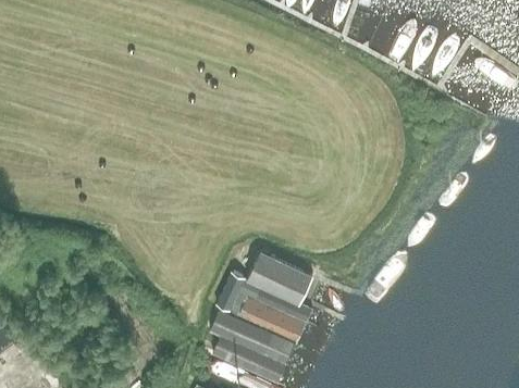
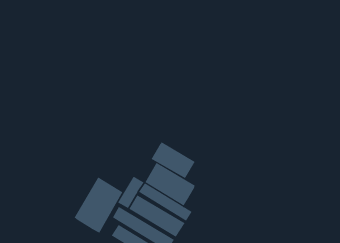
building: none -> [151,141,196,179]
building: none -> [74,177,123,234]

